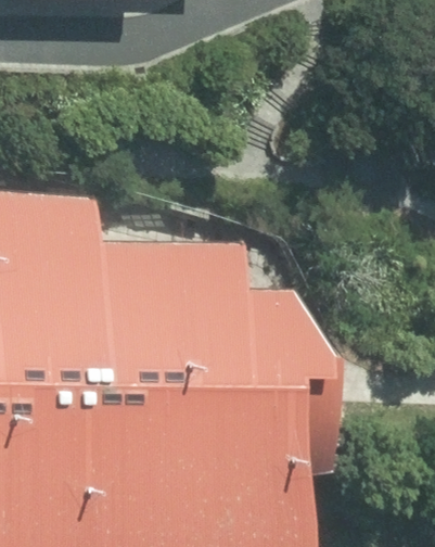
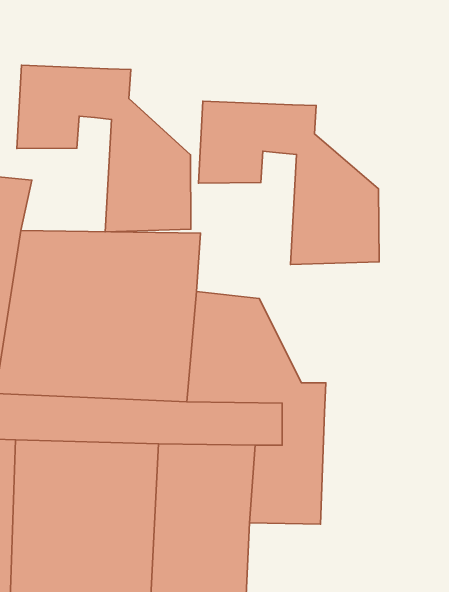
building: none -> [17,65,191,232]
building: none -> [199,101,379,264]

